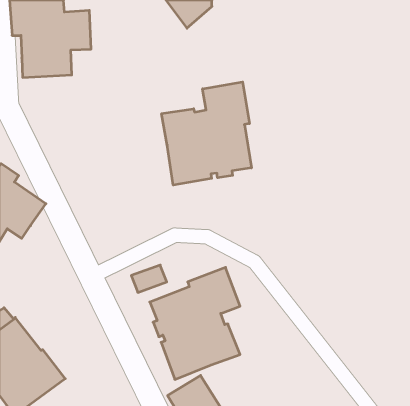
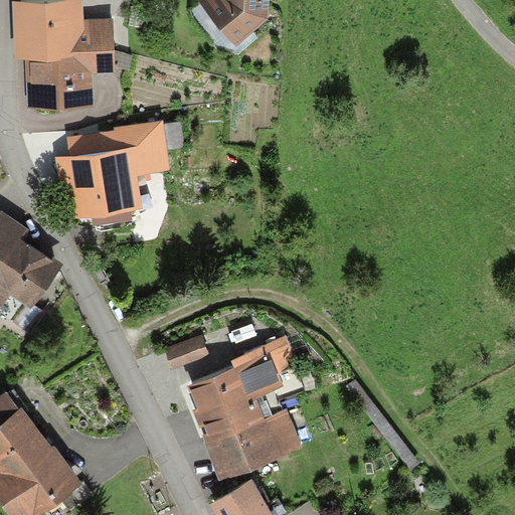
building: [162,82,251,185] -> none
building: none -> [55,121,183,230]

